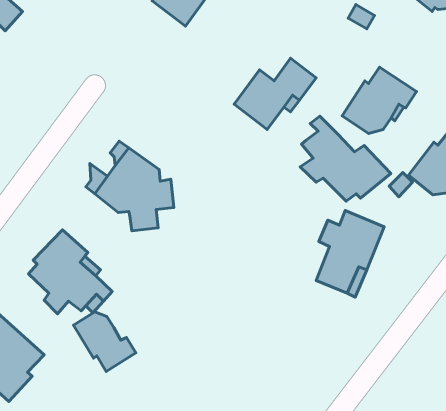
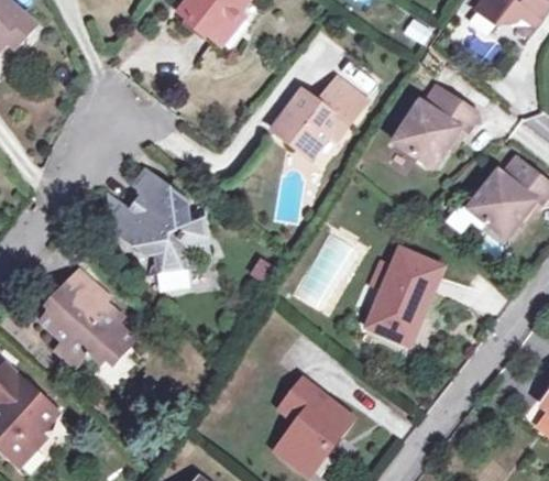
building: [300,116,391,201] -> none
building: [74,312,136,371] -> none
building: none -> [277,379,349,469]

